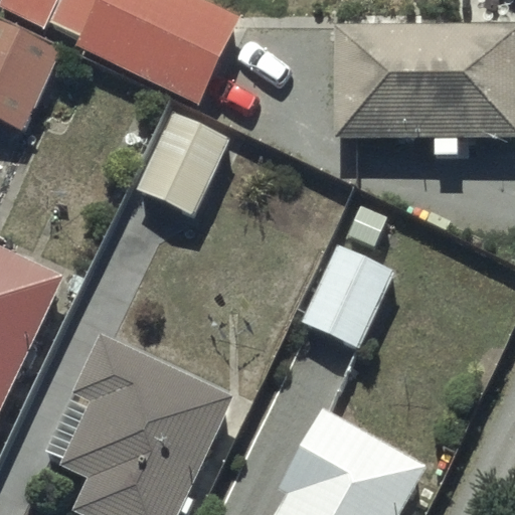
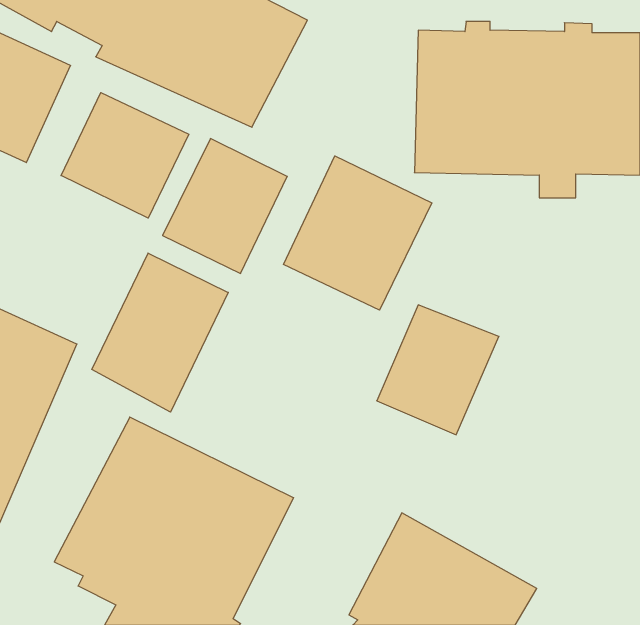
building: none -> [61,93,189,218]
building: none -> [284,156,432,310]
building: none -> [92,253,228,412]

